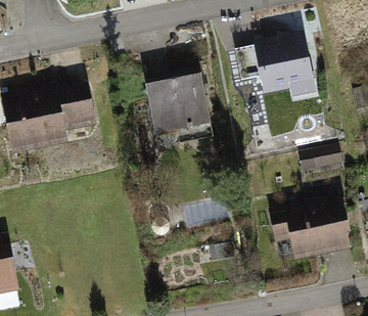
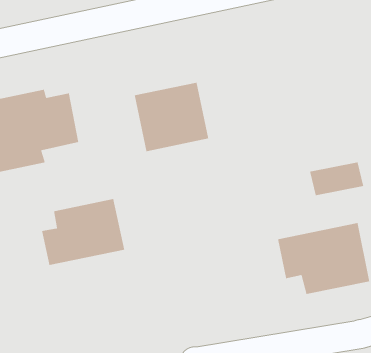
building: [235,33,315,99] -> none
building: none -> [41,198,125,266]

